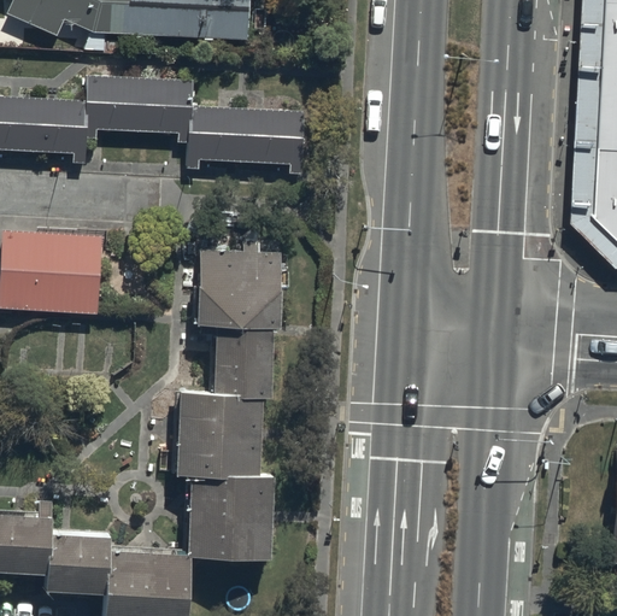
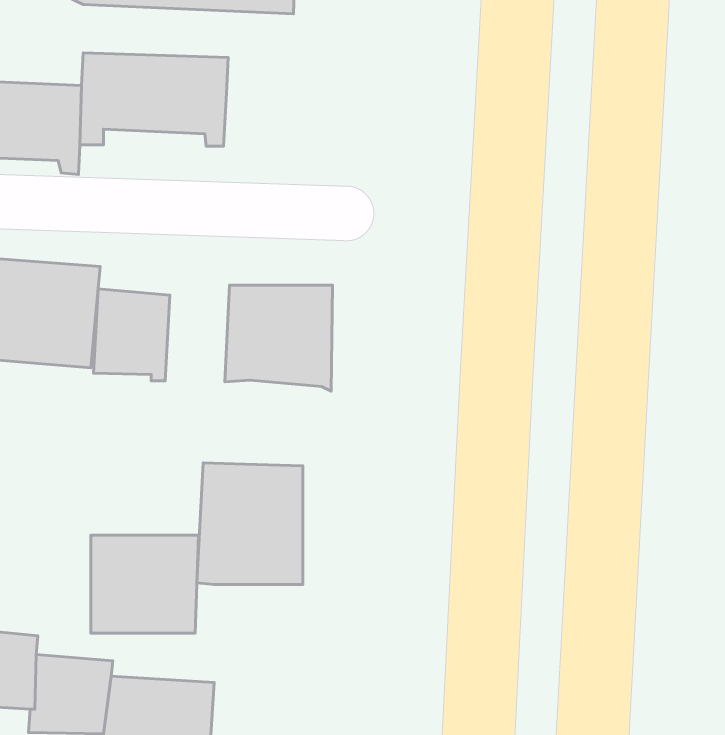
building: [193,102,307,176] -> none
building: [212,324,271,395] -> [94,289,170,381]
building: [188,482,271,558] -> [91,535,198,633]

